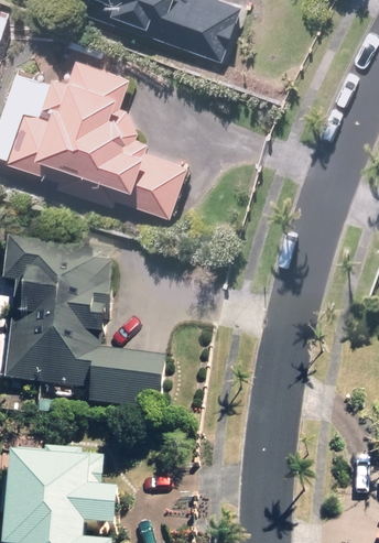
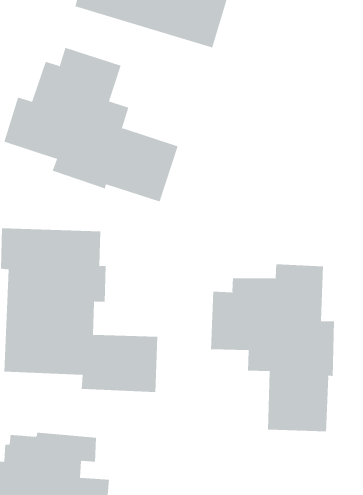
building: none -> [211,263,334,432]

